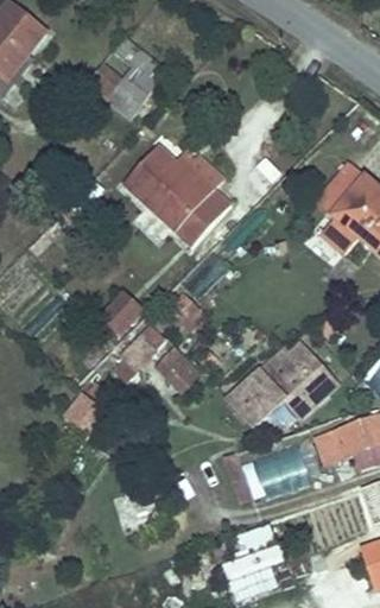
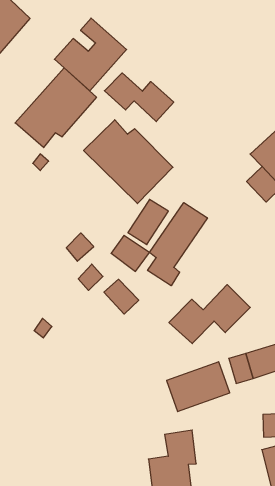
building: none -> [15,68,96,148]
building: none -> [104,73,174,122]
building: none -> [148,203,207,286]

